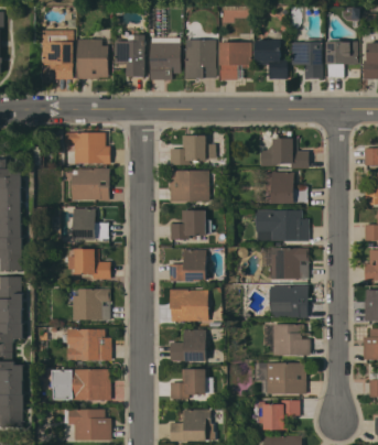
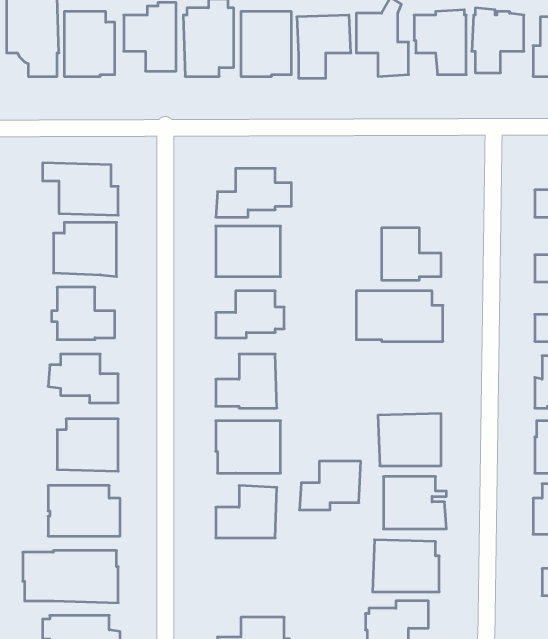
building: [260,138,309,169] -> none
building: [270,248,309,279] -> none
building: [170,369,207,399] -> [299,461,361,510]

